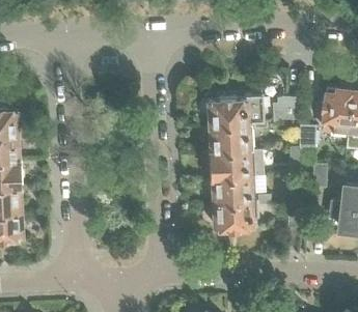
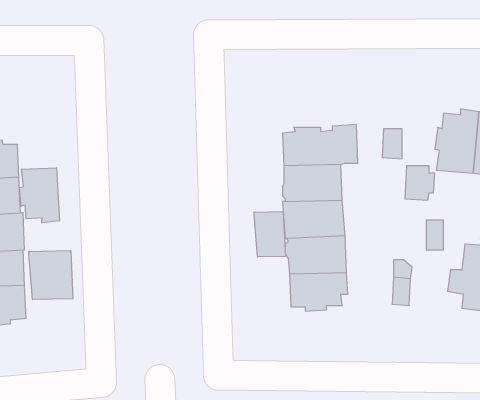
building: none -> [19,168,60,223]
building: none -> [254,211,285,257]
building: none -> [29,250,73,300]

